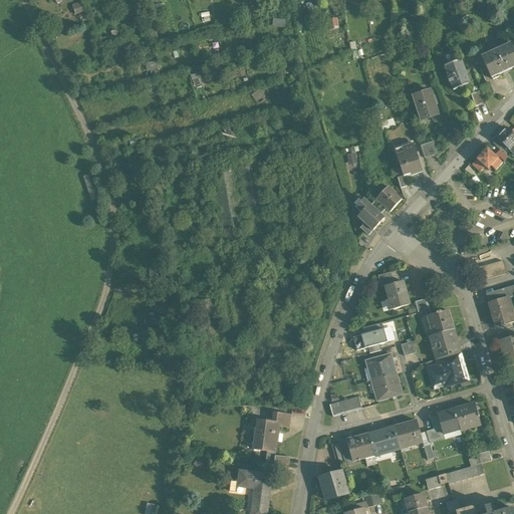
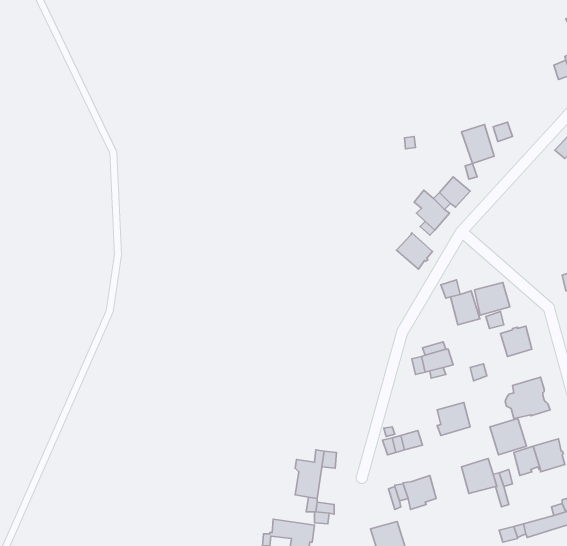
building: [443,58,469,89] -> none
building: [412,89,438,119] -> none
building: none -> [396,233,432,269]
building: none -> [474,282,510,315]
building: [429,328,459,358] -> [490,418,526,455]
building: [364,353,396,378] -> none
building: [367,426,400,456] -> none

